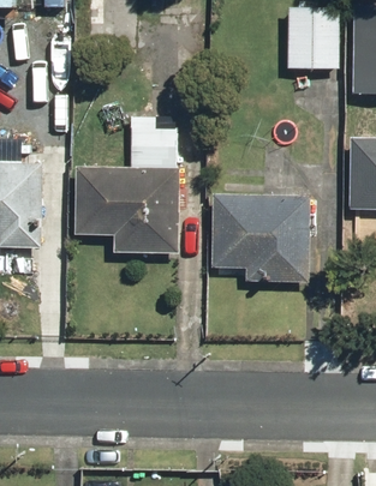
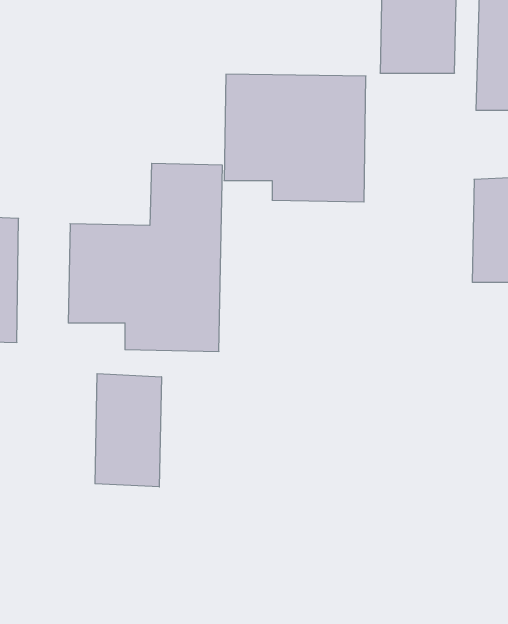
building: [211,194,308,281] -> [224,74,366,202]
building: none -> [95,374,161,487]

